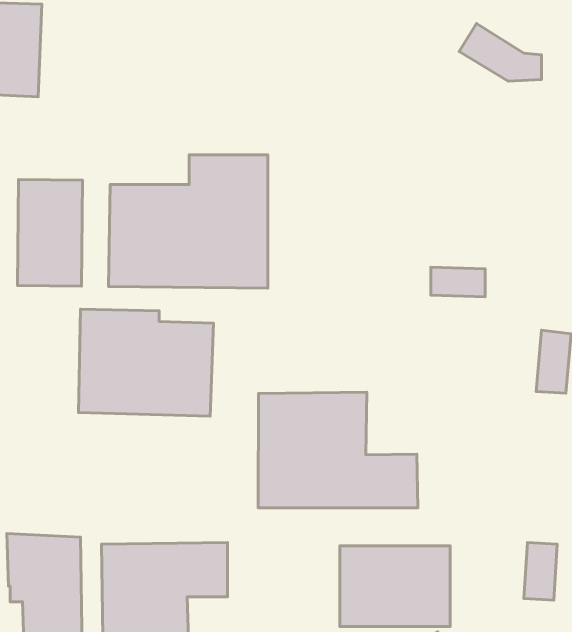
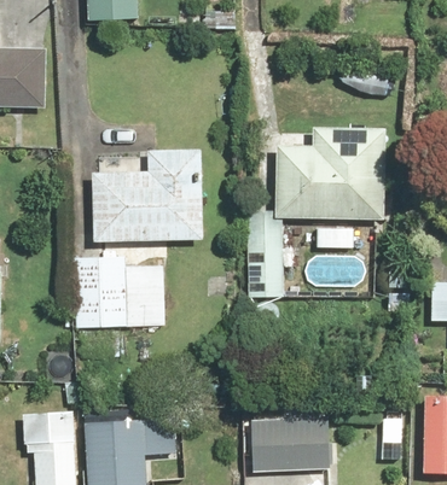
building: none -> [245,127,387,297]
building: [17,180,83,286] -> none
building: [258,392,418,508] -> none

